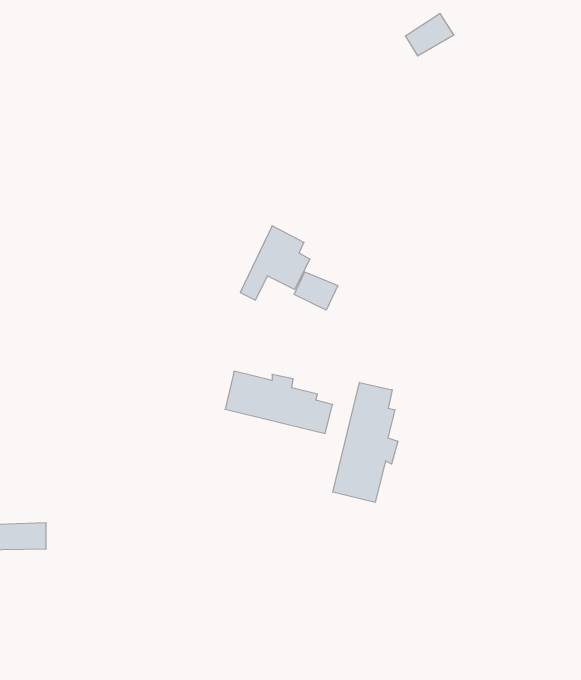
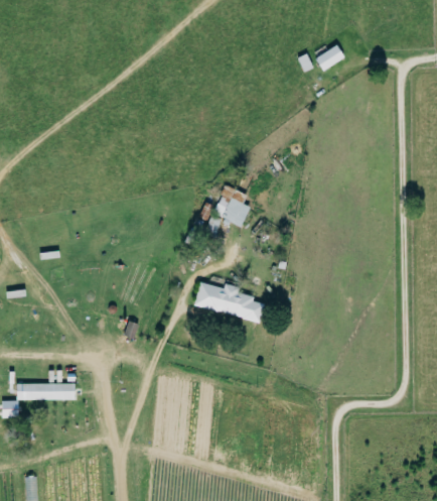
building: [294,272,338,310] -> none
building: [333,382,398,502] -> none

